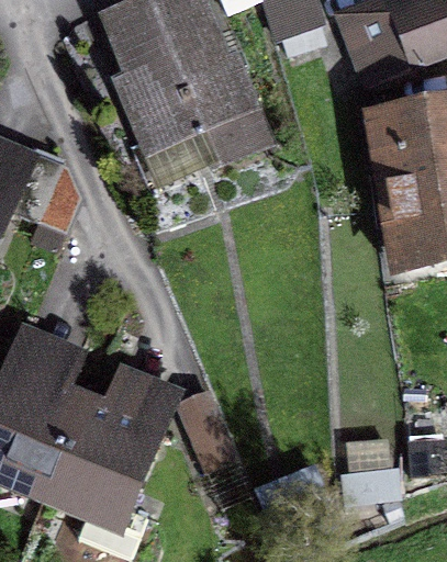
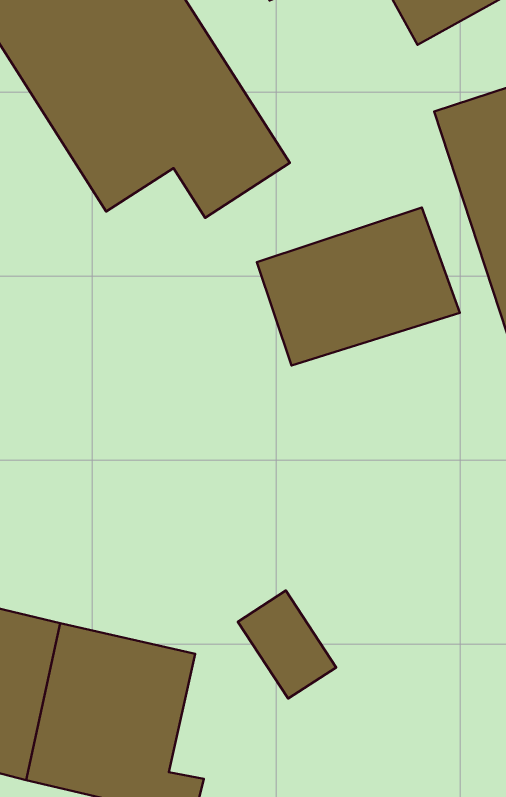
building: none -> [257,208,460,366]

